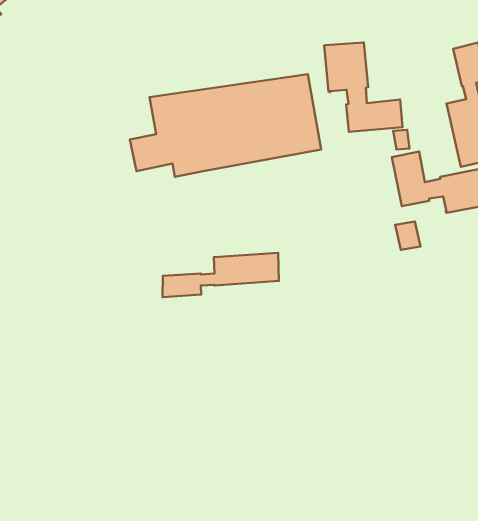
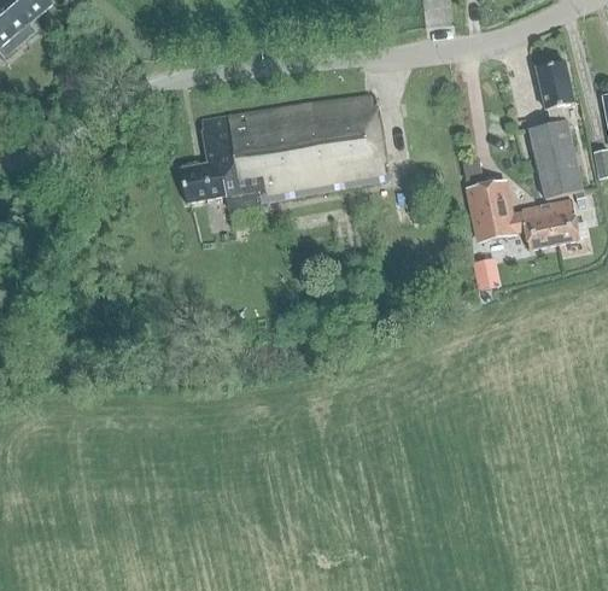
building: [324,42,403,132] -> none
building: [162,253,279,297] -> none

